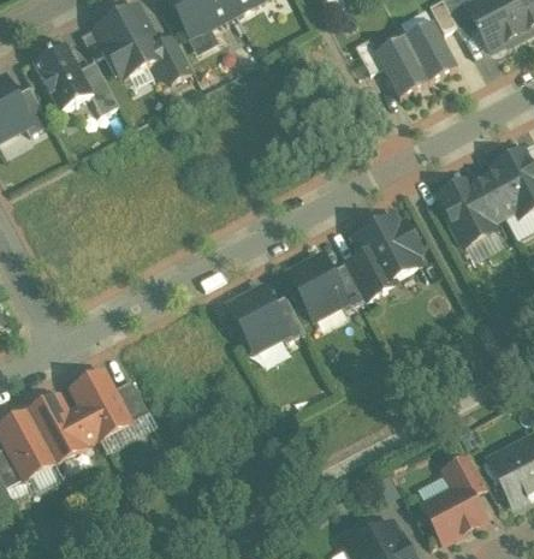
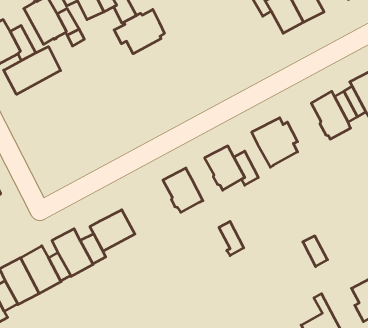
building: none -> [114,9,164,54]
building: none -> [4,47,61,94]
building: [345,251,387,298] -> none
building: [271,292,305,340] -> [219,221,244,256]
building: none -> [90,210,135,251]
building: [453,453,488,496] -> [303,236,328,267]

